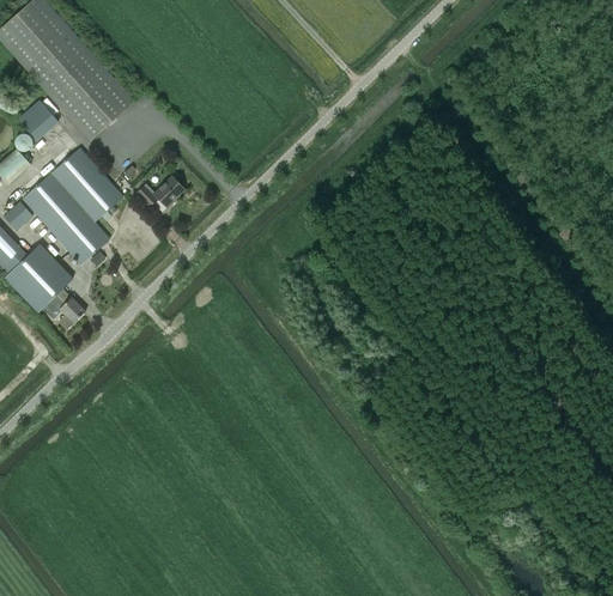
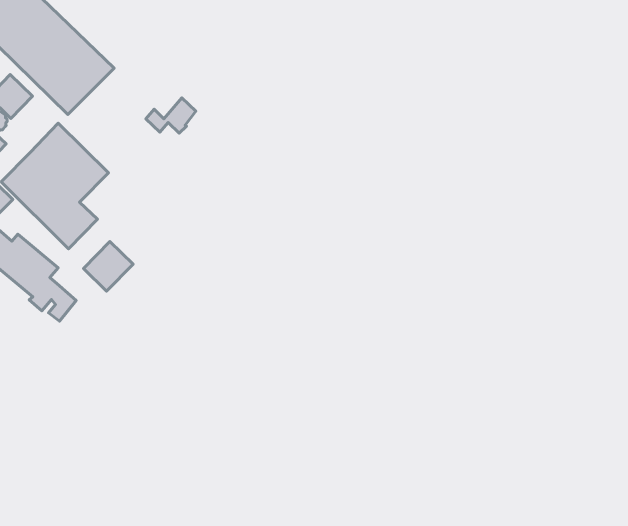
building: [138,175,184,207] -> [146,98,196,133]
building: none -> [83,241,133,291]

